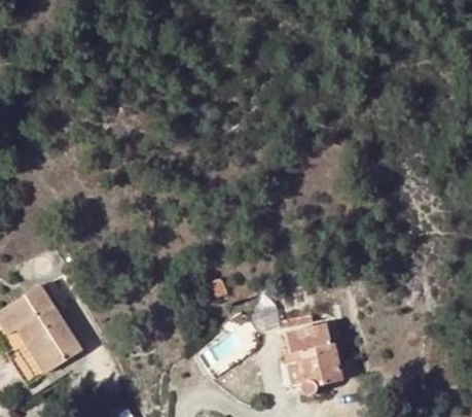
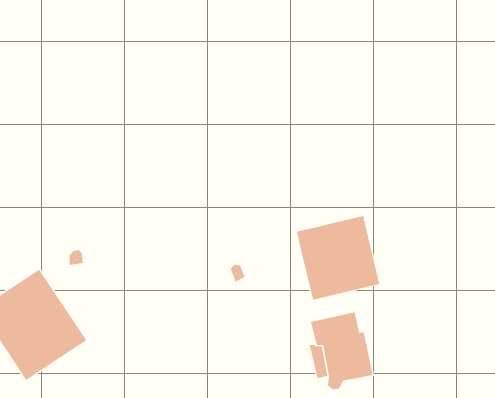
building: none -> [296,215,380,300]

